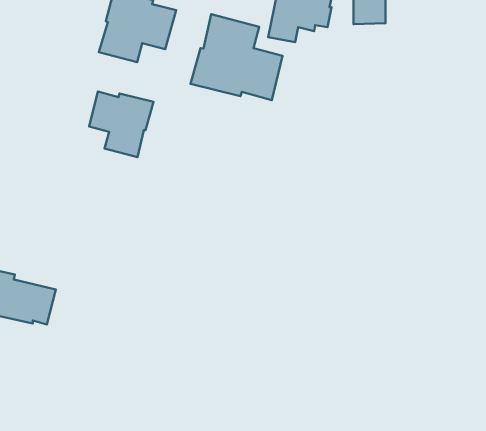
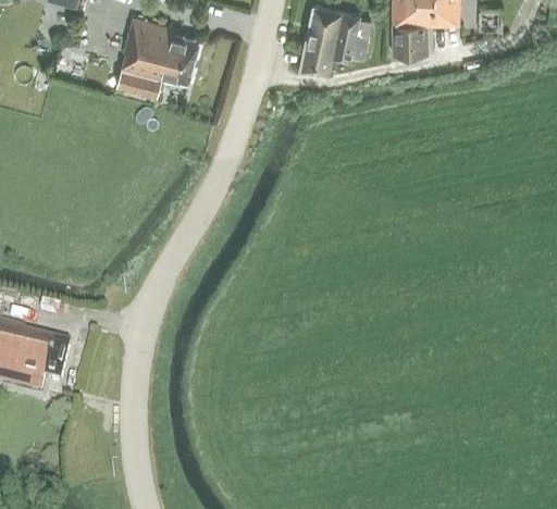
building: [191,14,283,100] -> none
building: [89,91,153,157] -> none

